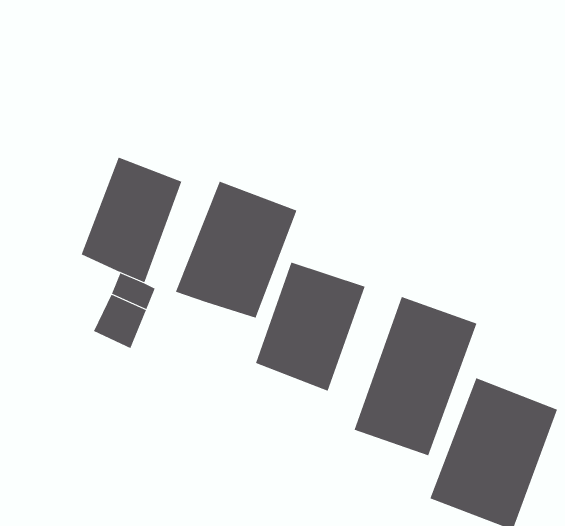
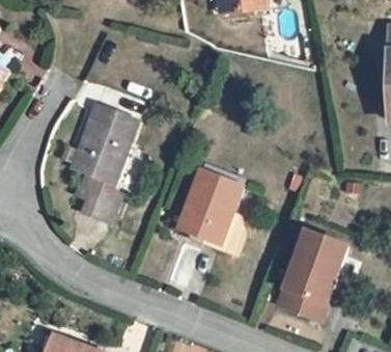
building: [175,181,297,318] -> none
building: [354,296,477,456] -> none

